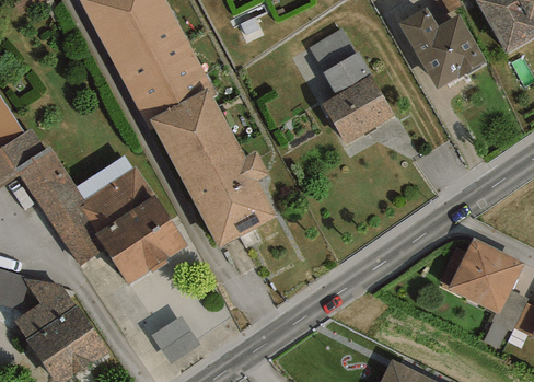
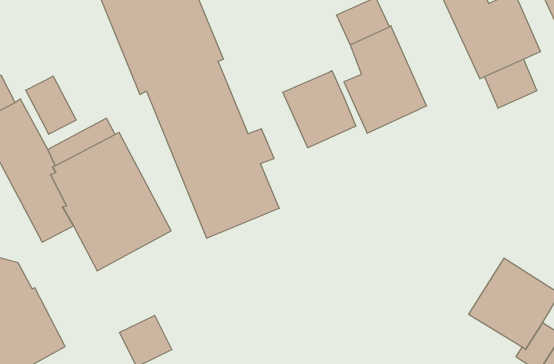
building: none -> [485,59,537,108]
building: none -> [283,71,356,148]
building: none -> [26,76,76,134]

